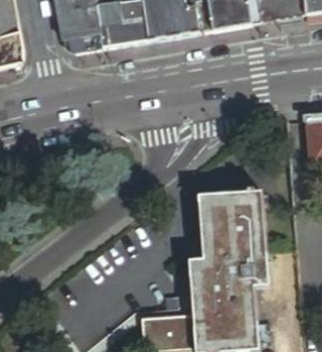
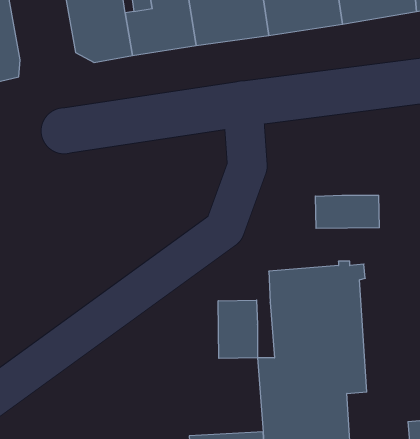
building: none -> [315,195,379,228]
building: none -> [218,300,257,358]

